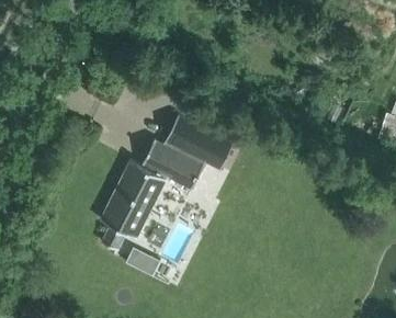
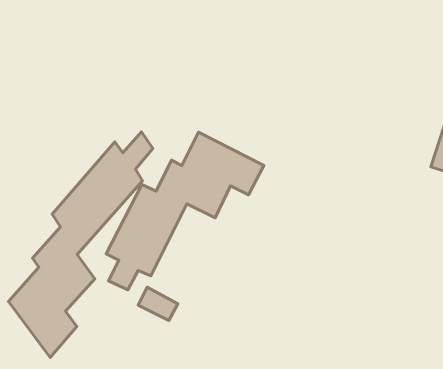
building: none -> [9,132,153,358]

